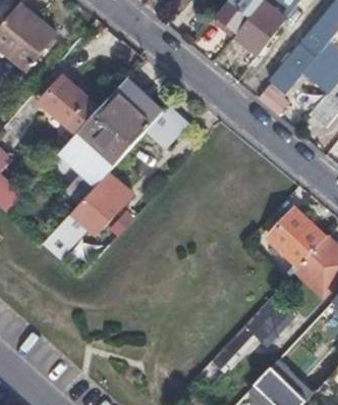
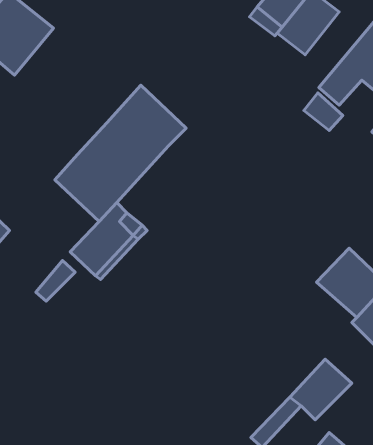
building: [40,77,99,134] -> none
building: [149,103,189,145] -> none

